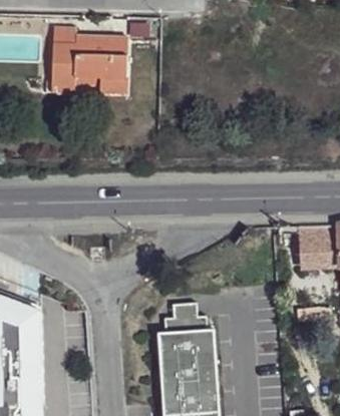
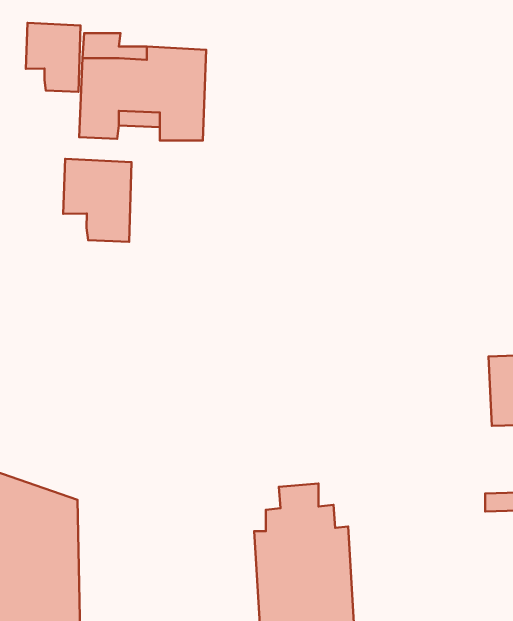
building: none -> [26,23,80,92]
building: none -> [63,159,131,242]

